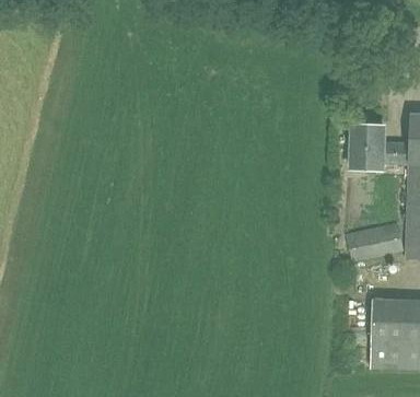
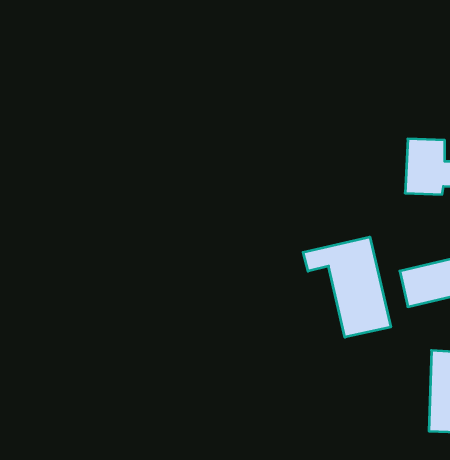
building: none -> [303,237,391,337]

